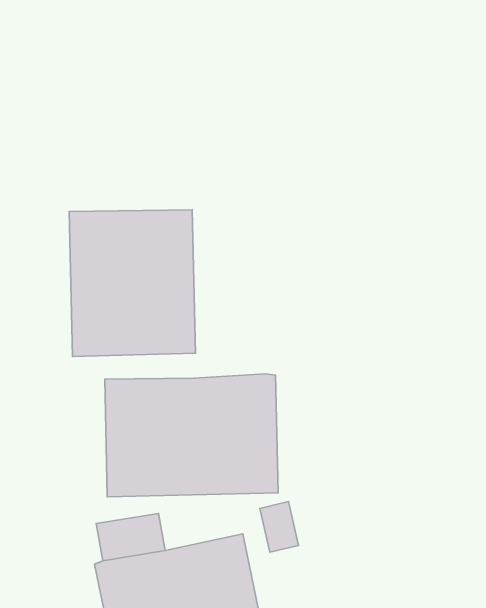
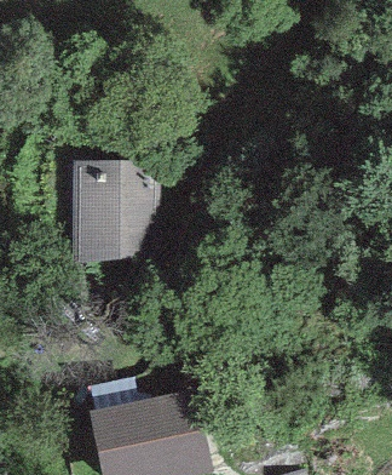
building: [105,374,278,497] -> none

